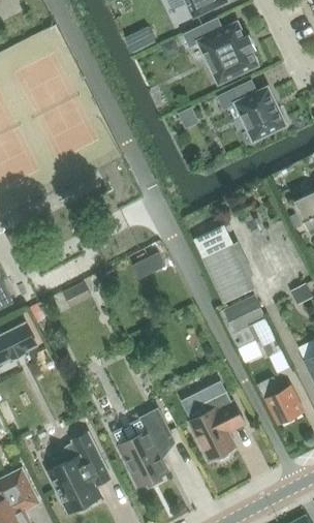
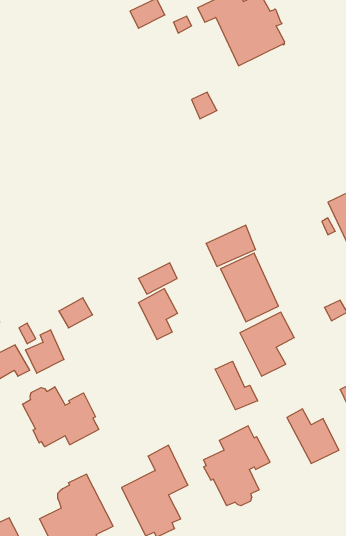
building: [218,81,286,142] -> none
building: none -> [139,289,177,340]
building: none -> [26,330,64,373]
building: none -> [215,361,258,410]
building: none -> [23,387,99,447]

